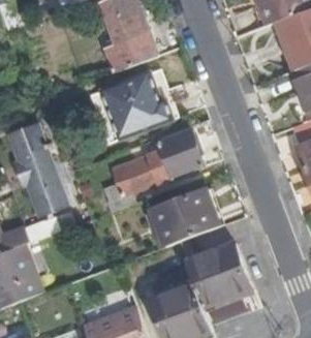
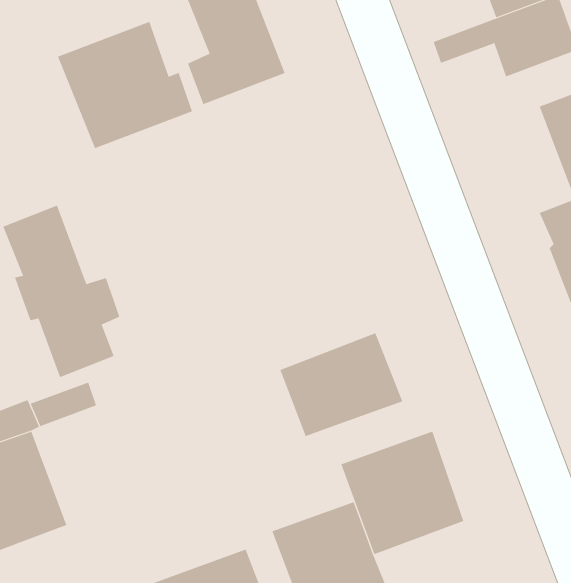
building: [102,68,174,135] -> [57,21,193,149]
building: [104,128,205,217] -> none

